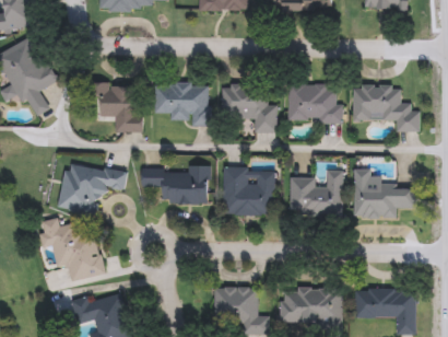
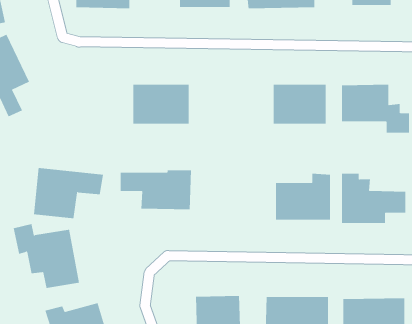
building: [222,83,276,132] -> none
building: [97,84,142,131] -> none
building: [223,167,274,214] -> none

